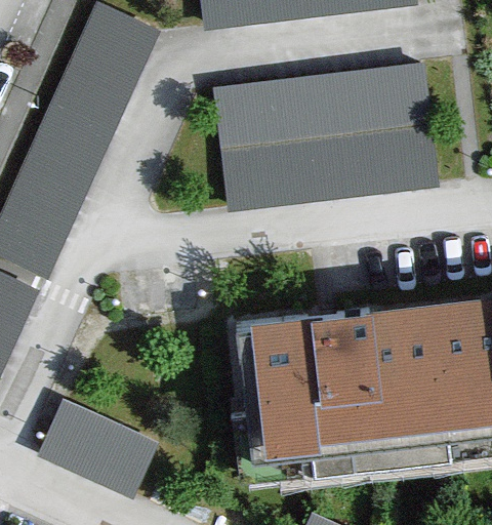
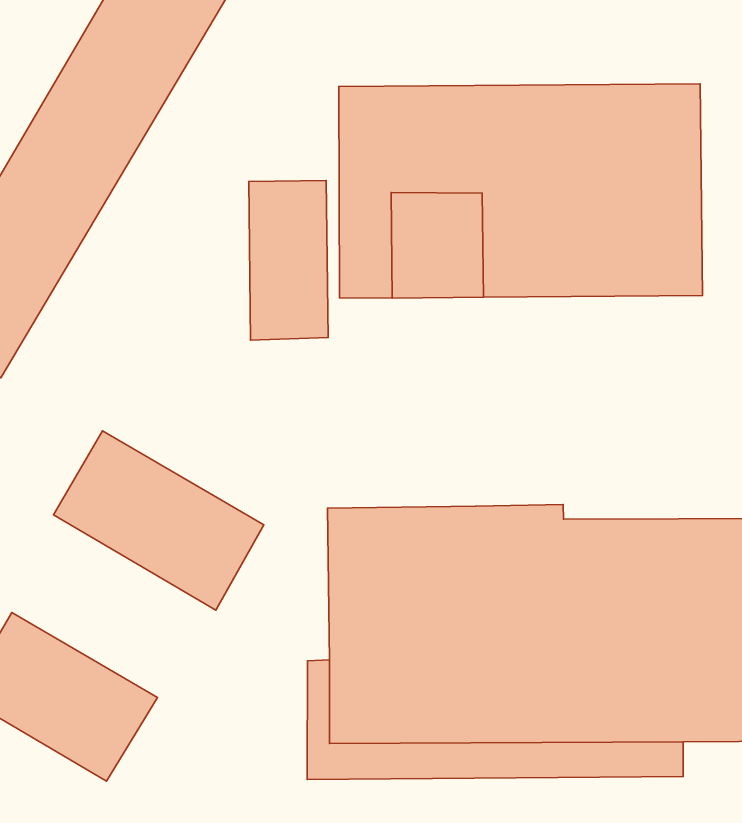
building: none -> [249,181,328,340]
building: none -> [53,431,264,610]

